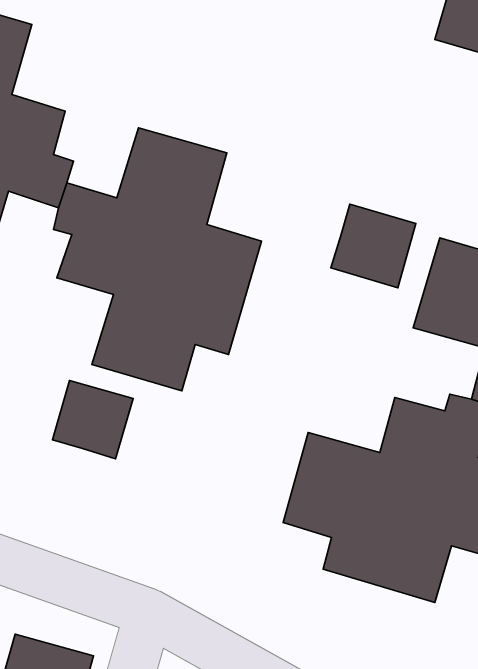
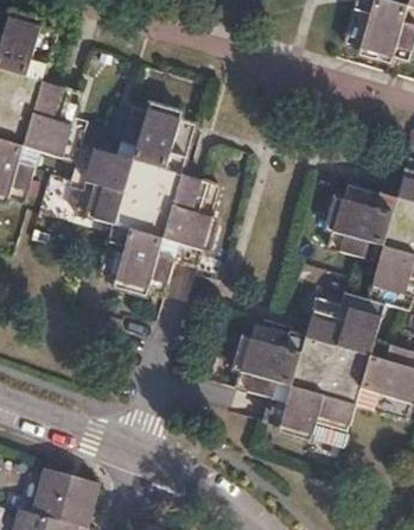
building: [331,204,416,288] -> none
building: [53,381,133,459] -> none

